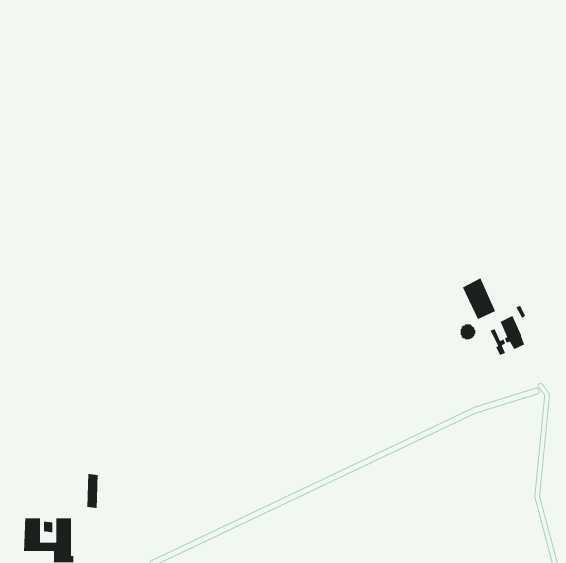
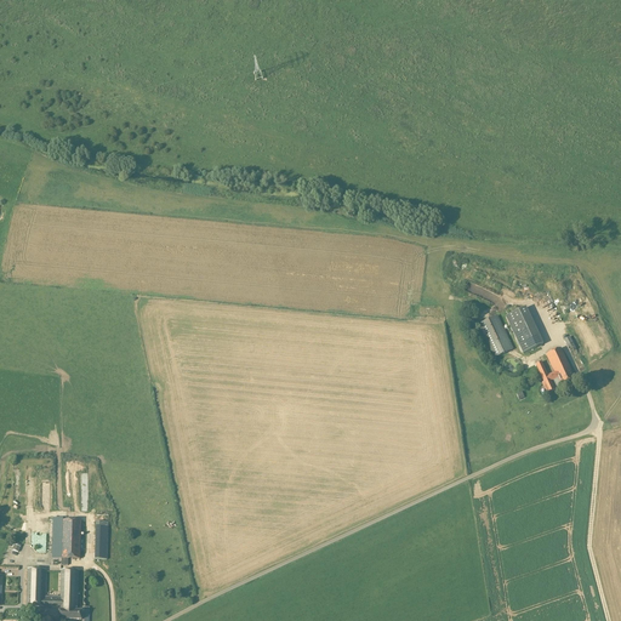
building: none -> [479,313,513,354]
building: none -> [52,514,81,562]

